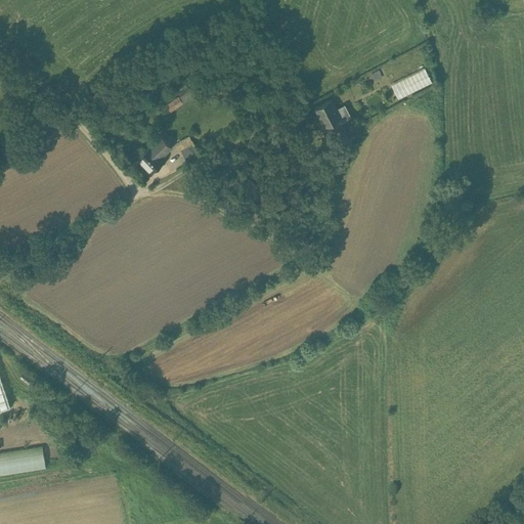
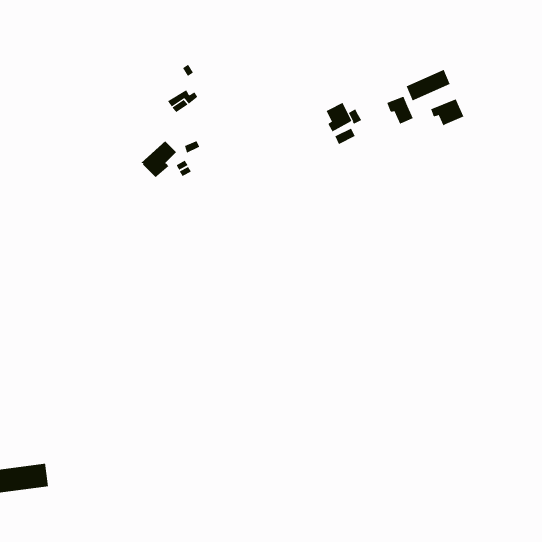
building: none -> [387,96,414,125]
building: none -> [430,98,464,126]

